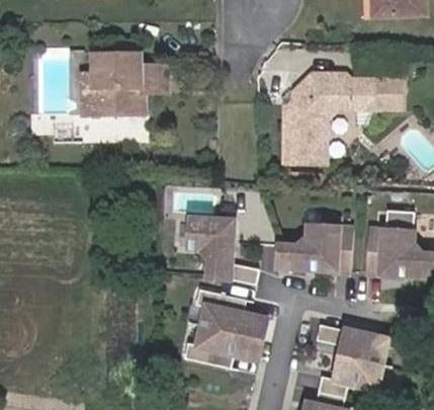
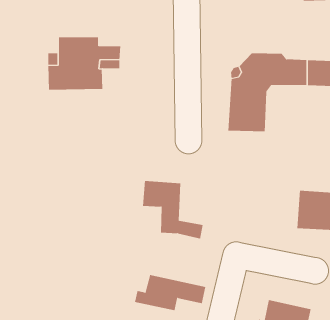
building: [276,225,352,271] -> none
building: [190,290,265,339] -> none
building: [313,322,386,364] -> none

